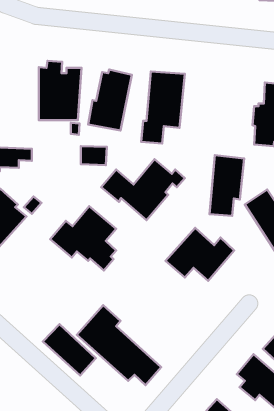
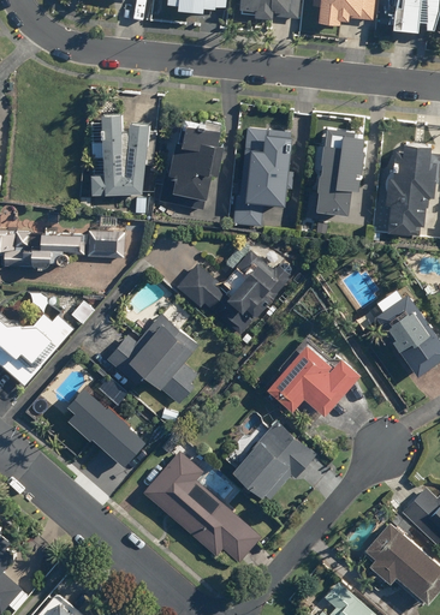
building: [81,146,107,165] -> [88,231,124,257]
building: [210,155,244,216] -> [317,130,365,214]
building: none -> [231,420,316,500]
building: [43,324,96,376] -> [71,396,144,467]

